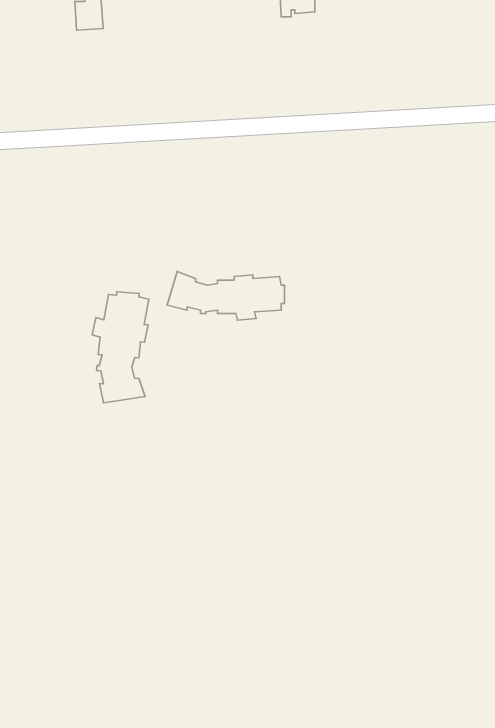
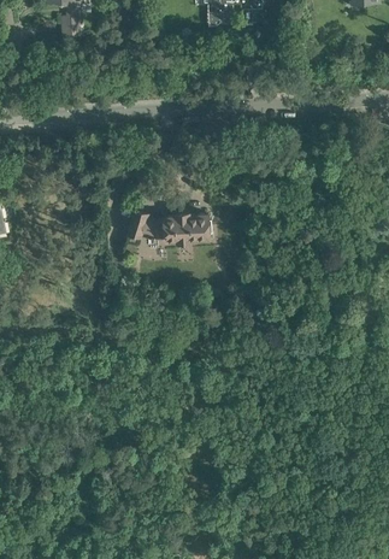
building: [92,292,149,403] -> none

